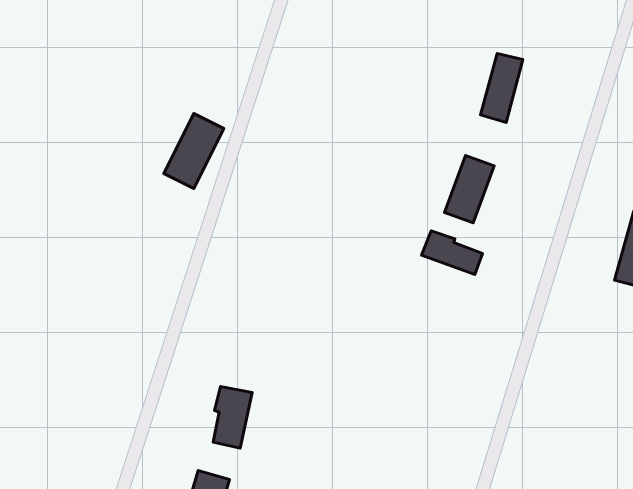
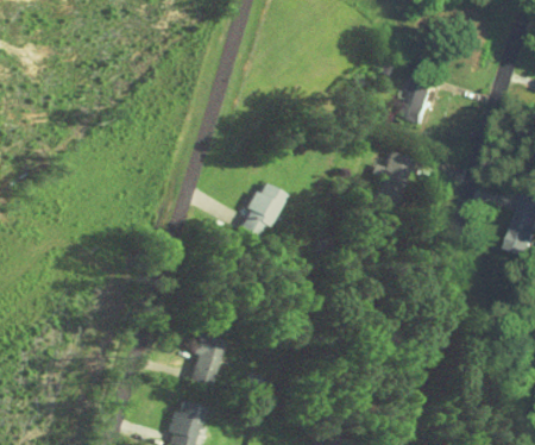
building: [164,113,224,188] -> [234,181,282,240]
building: [422,231,483,275] -> none

